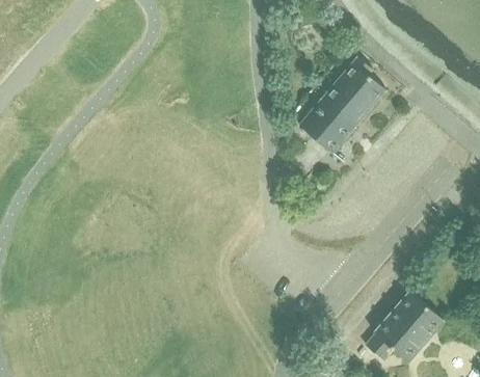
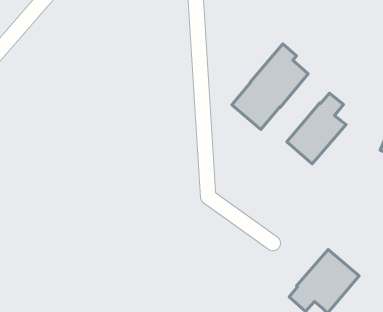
building: none -> [287,93,346,164]

